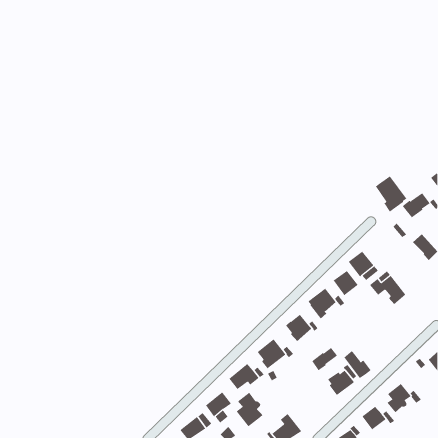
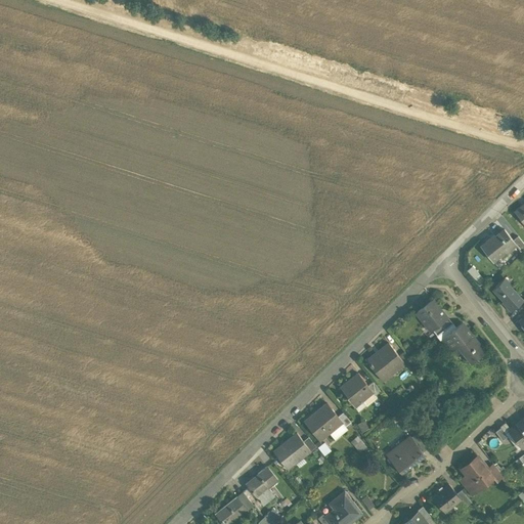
building: [375,175,407,213] -> none
building: [333,270,358,296] -> none
building: [312,347,338,371] -> none
building: [343,350,371,379] -> none
building: [236,392,263,427] -> none

